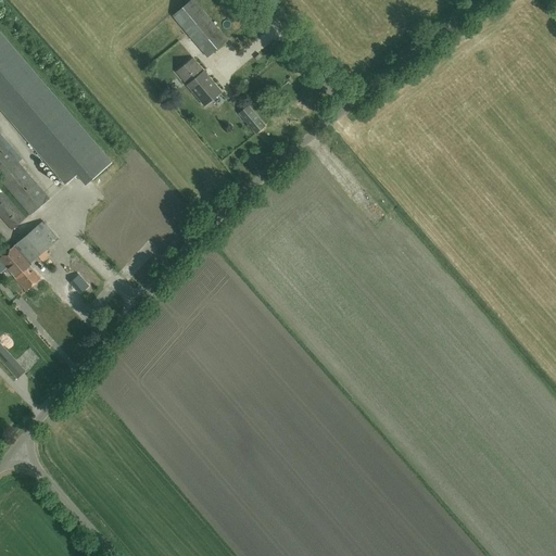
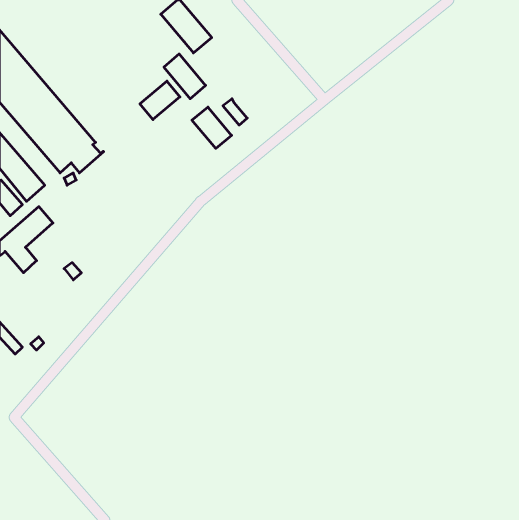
building: none -> [140,81,180,120]
building: none -> [192,107,232,148]

